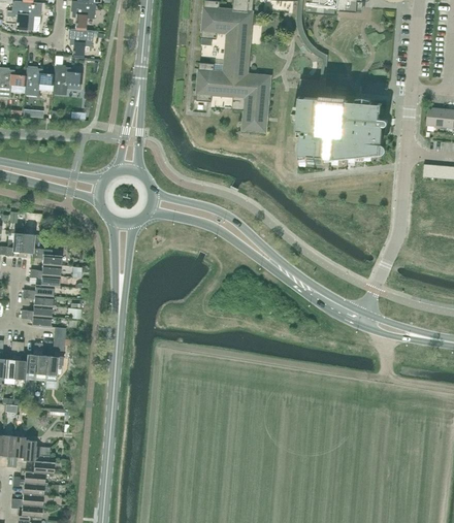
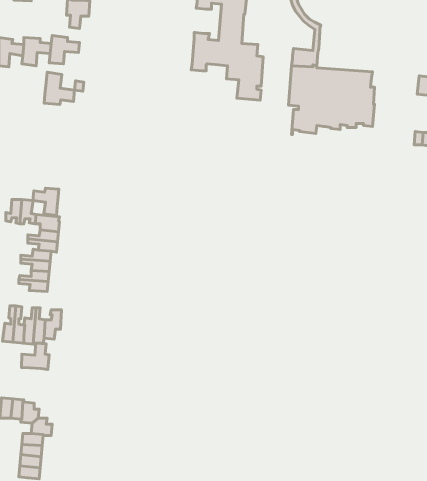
building: none -> [44,72,75,104]
building: none -> [33,188,59,216]
building: none -> [22,343,49,370]

